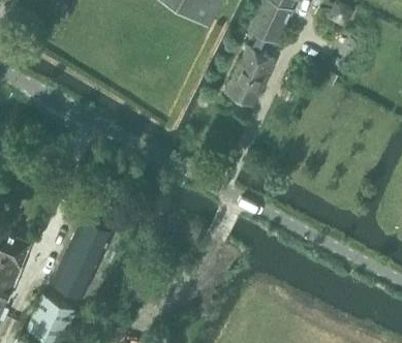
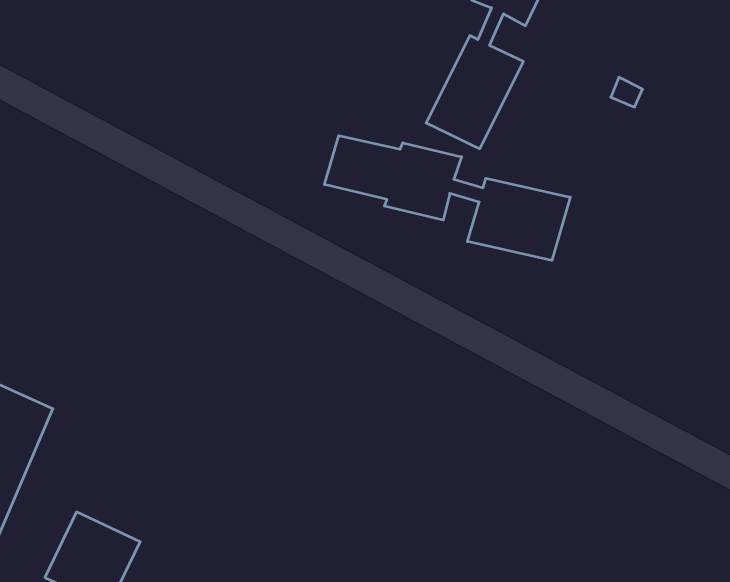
building: none -> [324,136,570,260]
building: [51,218,114,299] -> none

